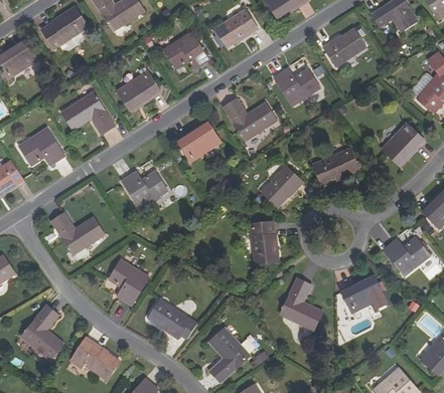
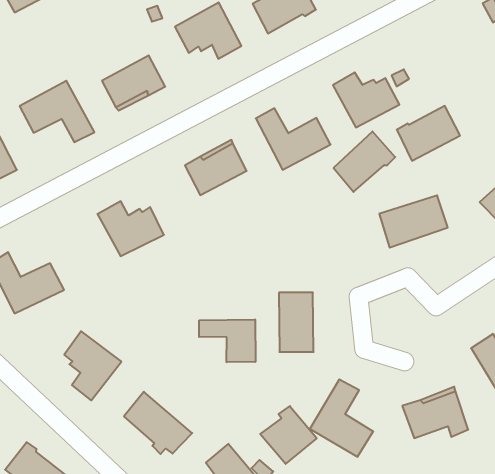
building: [323,28,366,67] -> [397,106,460,161]
building: [258,169,299,211] -> [334,131,395,192]
building: none -> [199,319,255,362]
building: none -> [260,406,317,464]

